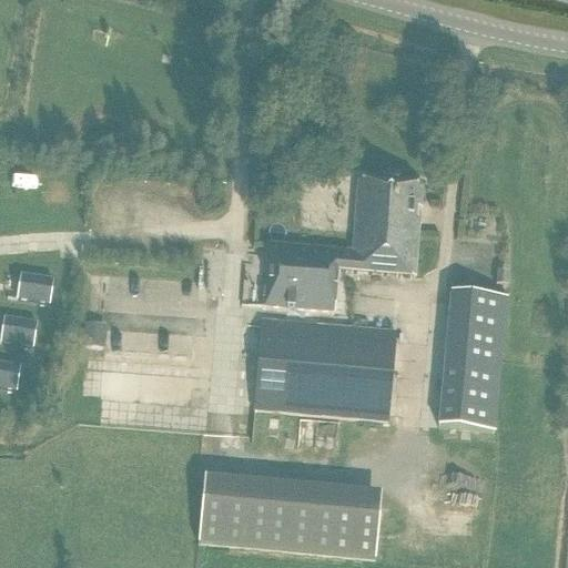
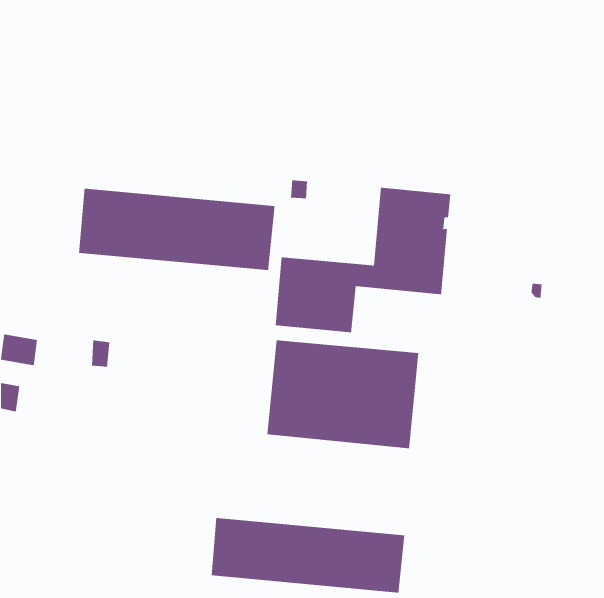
building: none -> [79,188,275,271]
building: [18,270,53,300] -> none
building: [438,290,507,428] -> none

